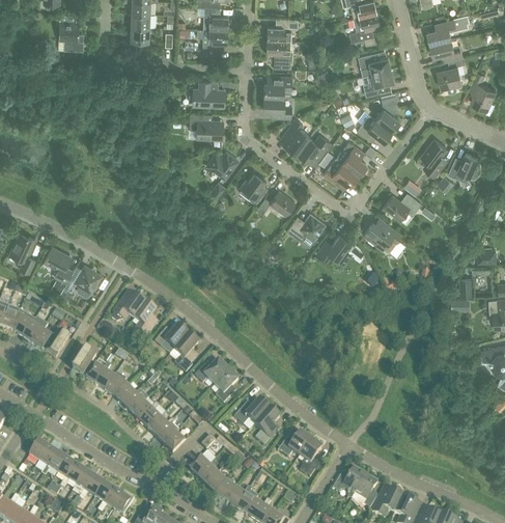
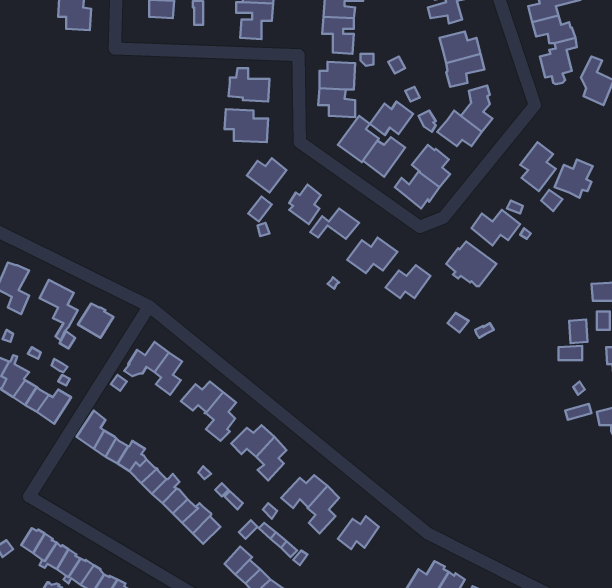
building: none -> [370,102,413,135]
building: [299,439,321,476] -> none

